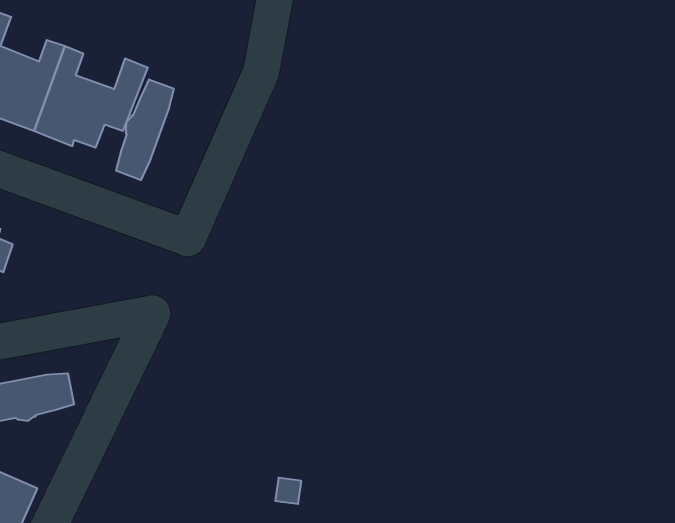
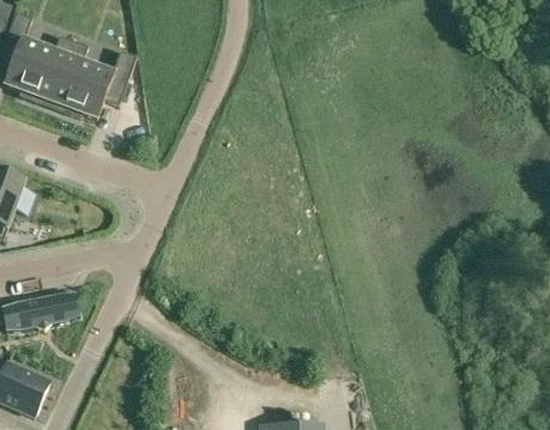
building: [116,79,174,180] -> none

